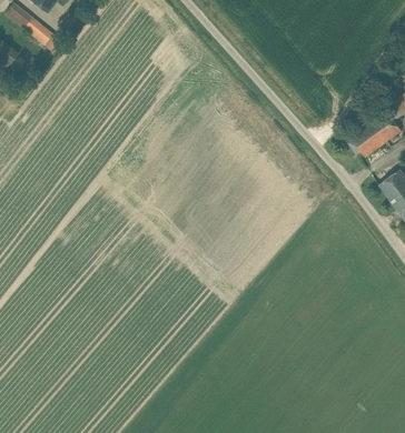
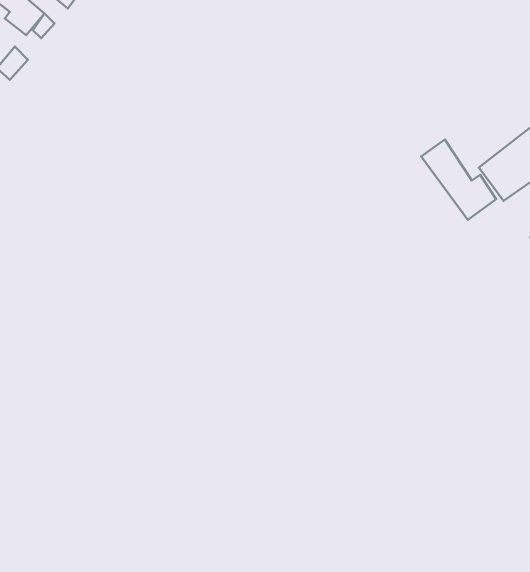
building: none -> [421,140,496,220]

